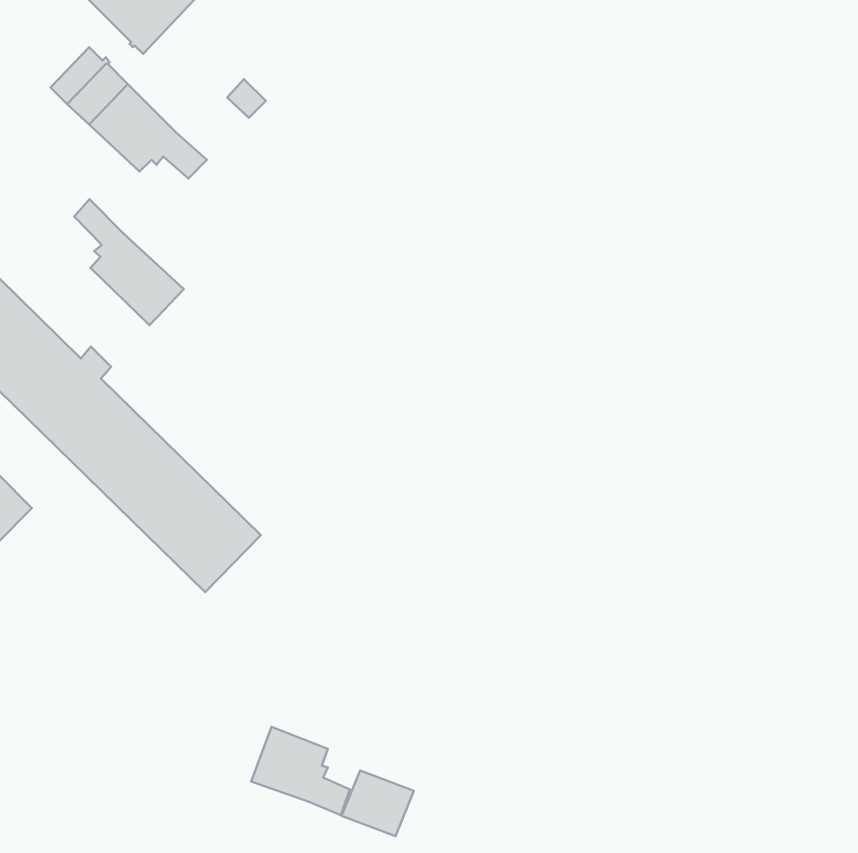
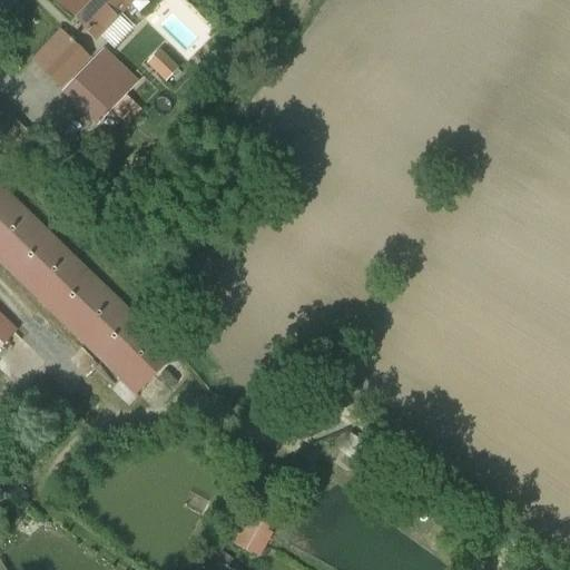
building: none -> [85,42,130,88]
building: [74,199,184,325] -> none
building: [251,727,350,815] -> none

